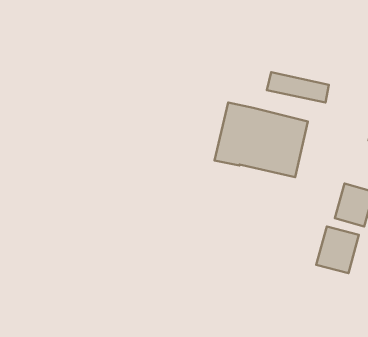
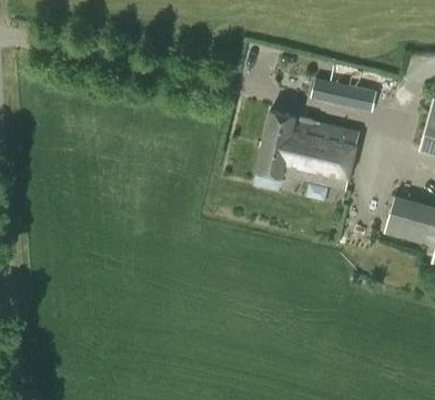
building: [316,226,359,273] -> none

